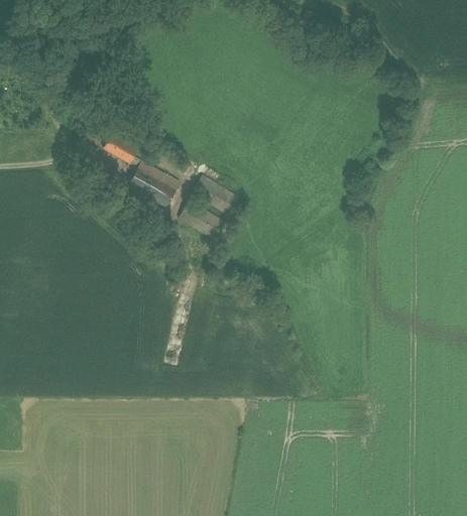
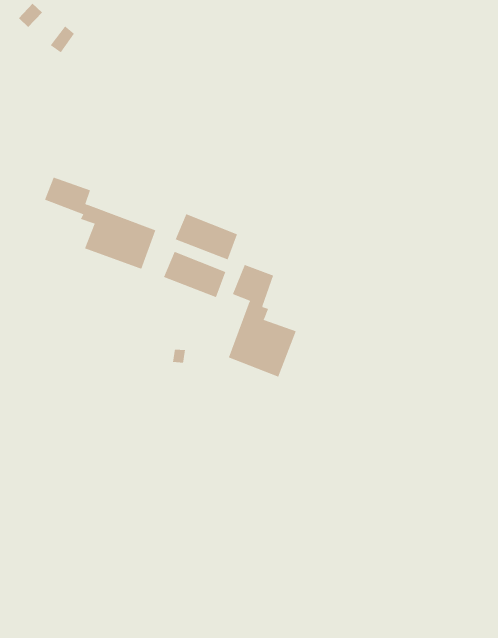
building: none -> [228,264,296,377]

